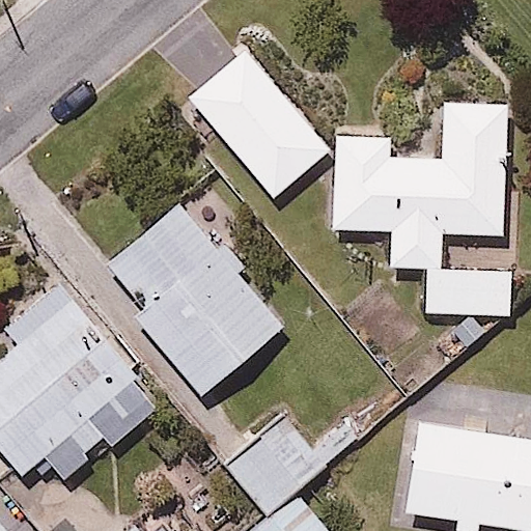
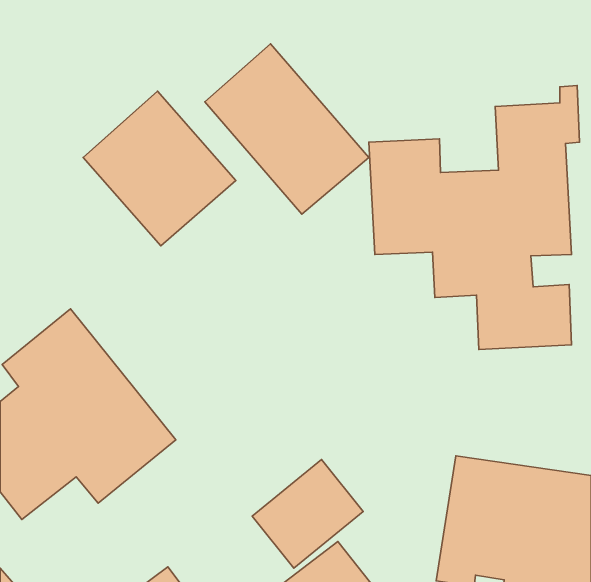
building: none -> [83,91,236,246]
building: [95,203,287,400] -> none

